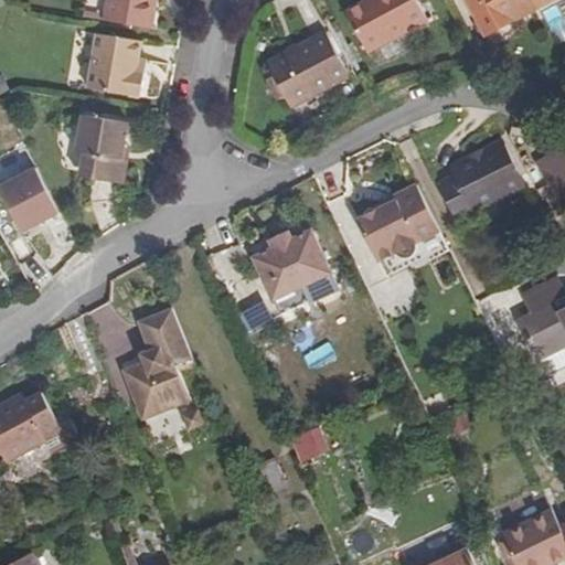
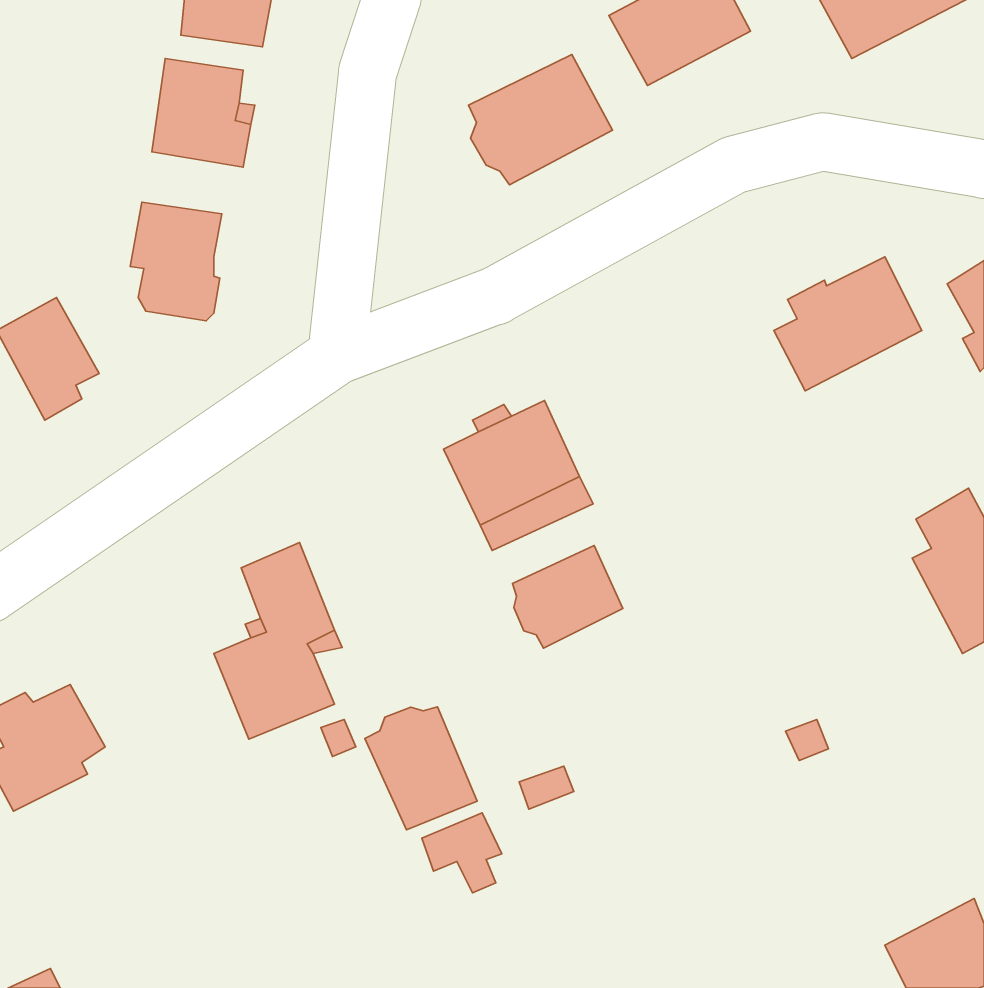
building: [361,194,444,271] -> none
building: none -> [513,546,623,648]
building: none -> [365,707,477,830]

